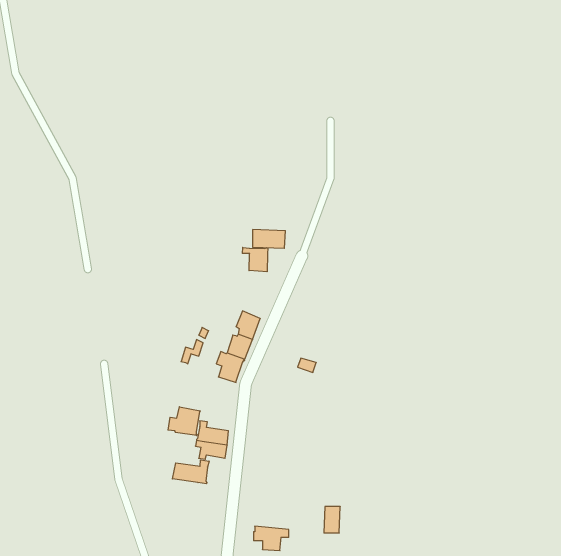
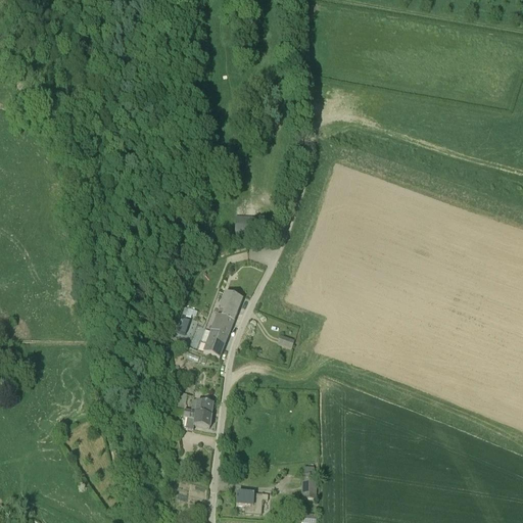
building: [242,247,268,272] -> none
building: [168,407,200,436] -> none
building: [172,460,209,484] -> none

